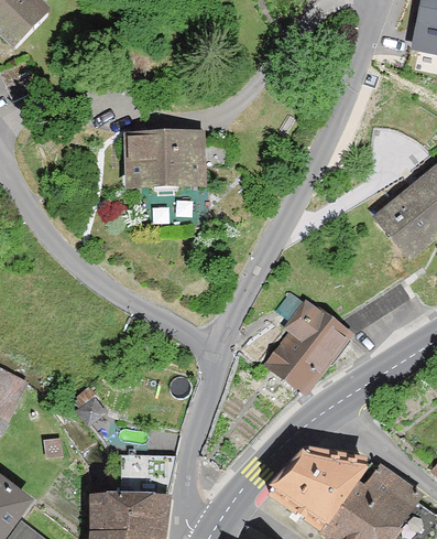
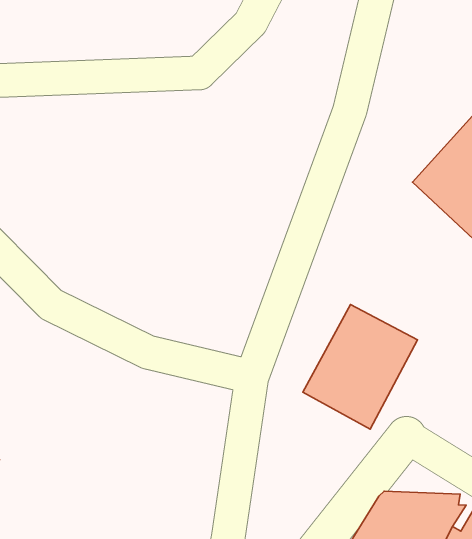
building: [122,132,206,194] -> none

